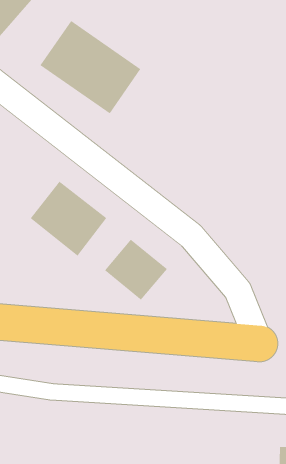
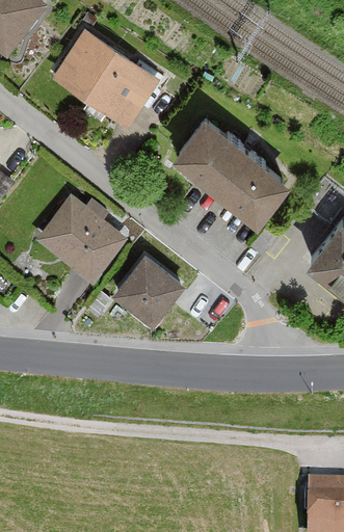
building: none -> [176,124,291,228]

